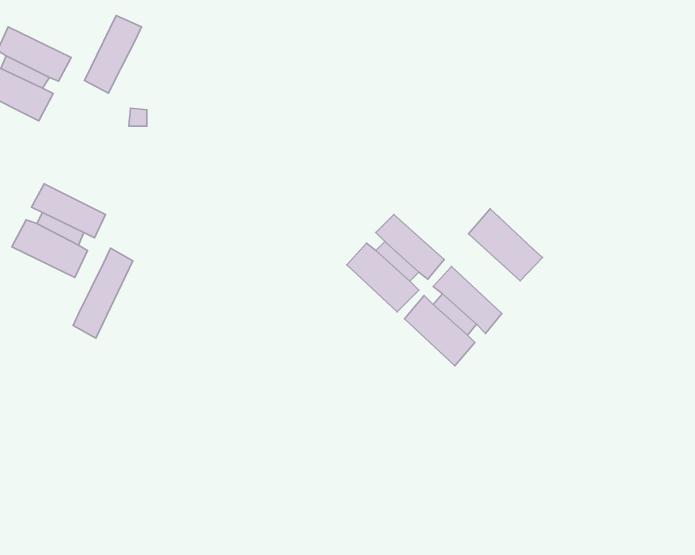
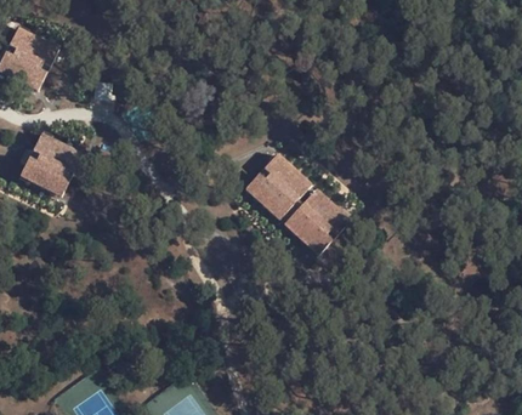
building: [84,15,142,93] -> none
building: [468,209,542,281] -> none
building: [73,248,133,338] -> none

